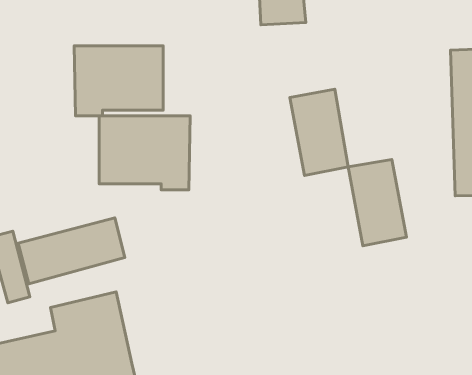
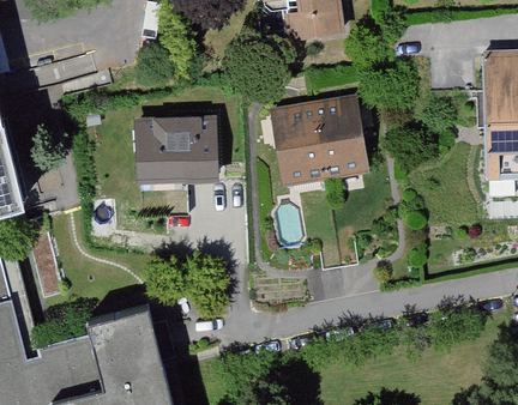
building: [74,46,163,116] -> none
building: [348,160,407,246] -> [277,101,335,186]
building: [18,218,125,284] -> none

